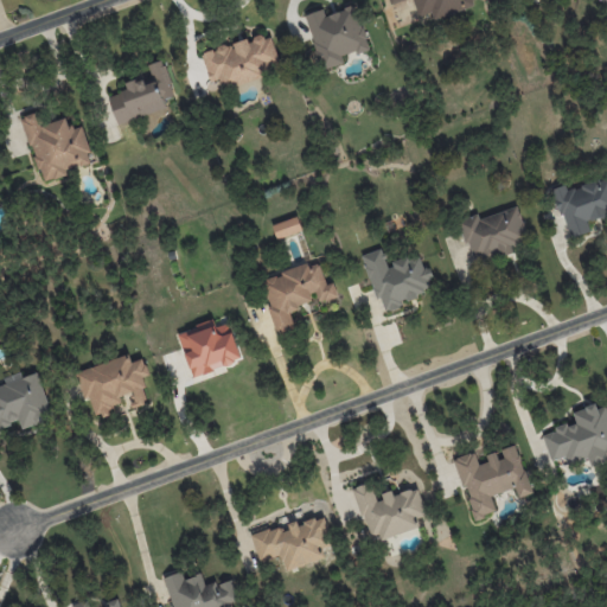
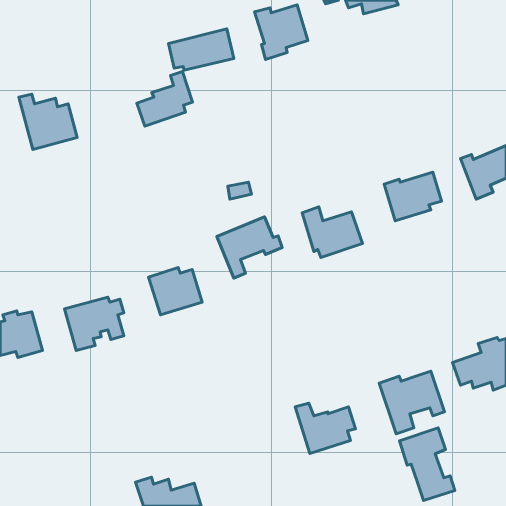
building: [108,59,174,124] -> [137,72,192,126]
building: none -> [399,428,455,501]
building: [251,517,331,570] -> none

